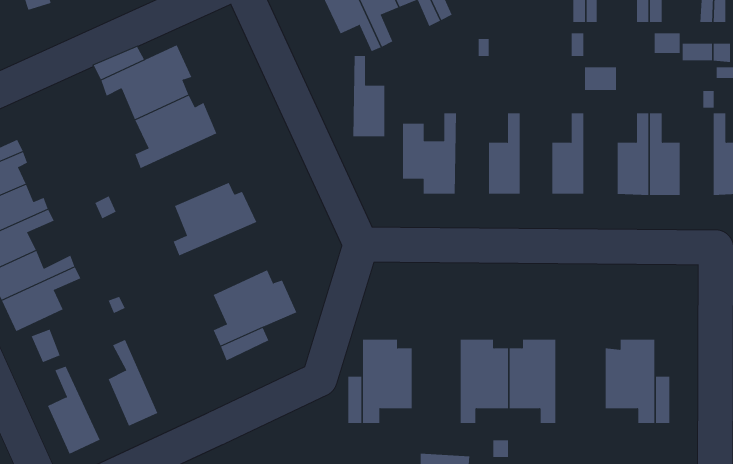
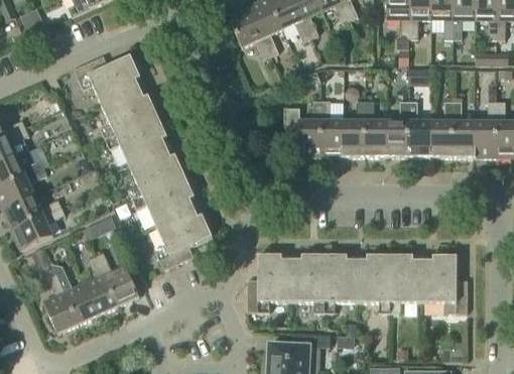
building: [352,55,385,137] -> [320,100,343,155]
building: none -> [365,100,386,155]
building: none -> [408,100,430,155]
building: none -> [474,100,496,156]
building: none -> [106,114,167,163]
building: none -> [132,174,195,224]
building: none -> [96,250,139,304]
building: none -> [291,254,324,311]
building: none -> [389,254,422,311]
building: none -> [55,268,98,323]

